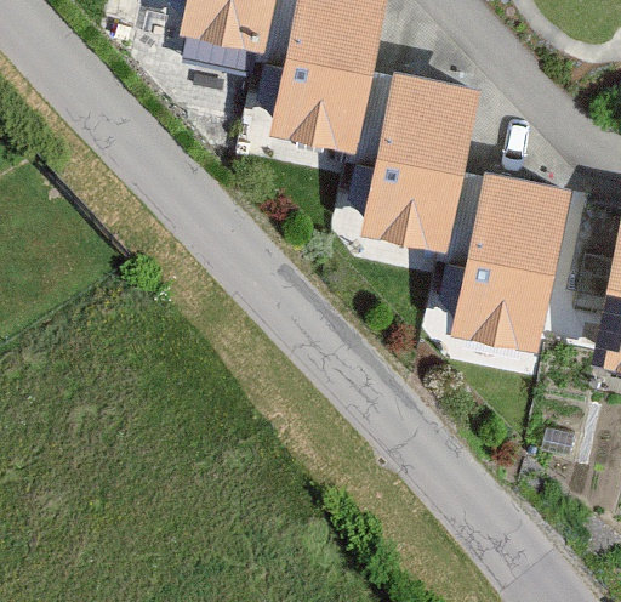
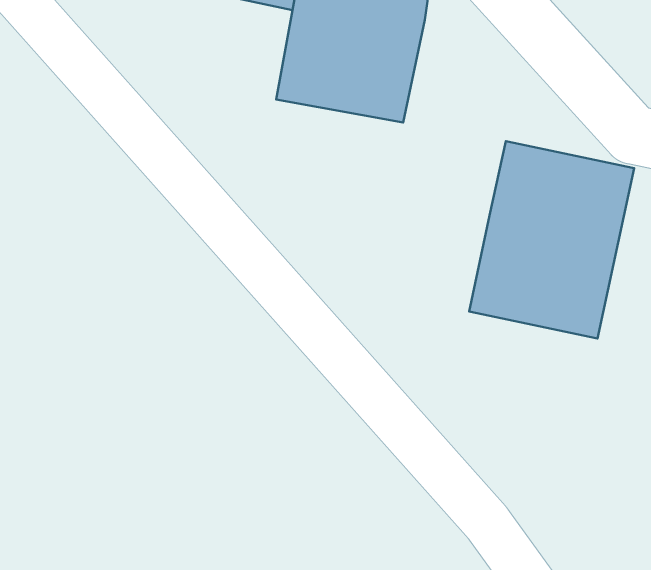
building: [355,64,480,240] -> none

